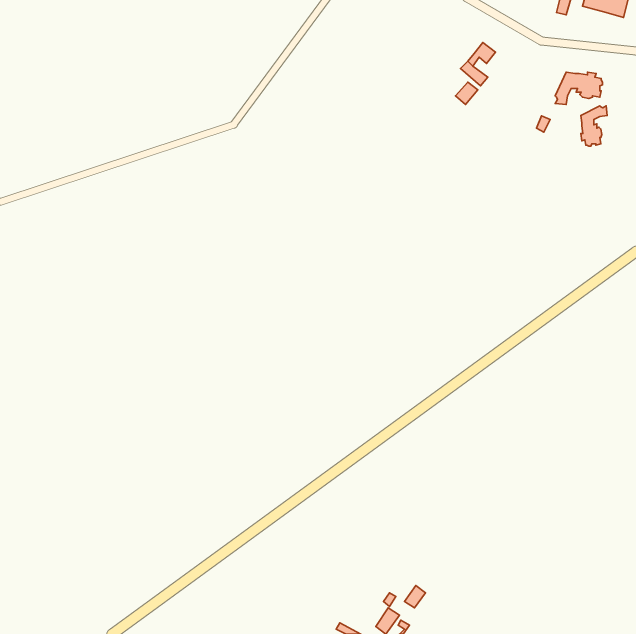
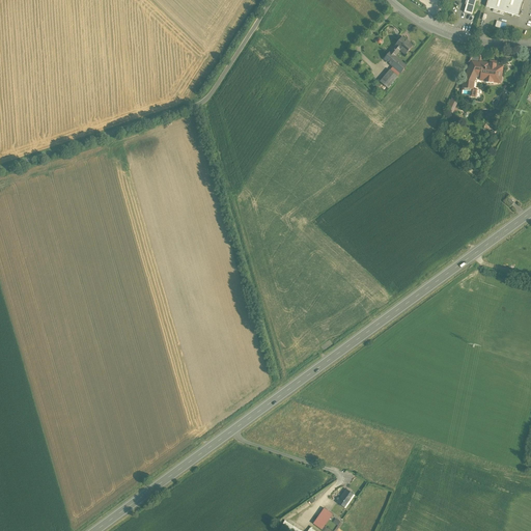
building: [581,106,607,146] -> none

